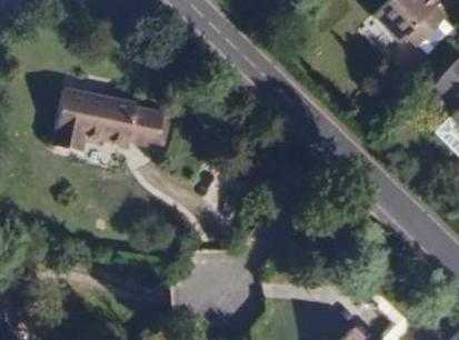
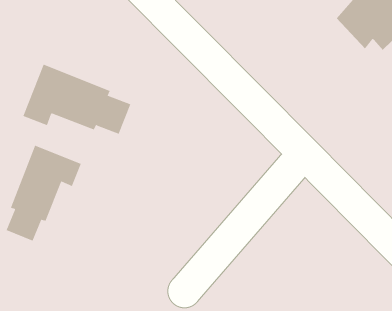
building: none -> [6,145,81,241]

